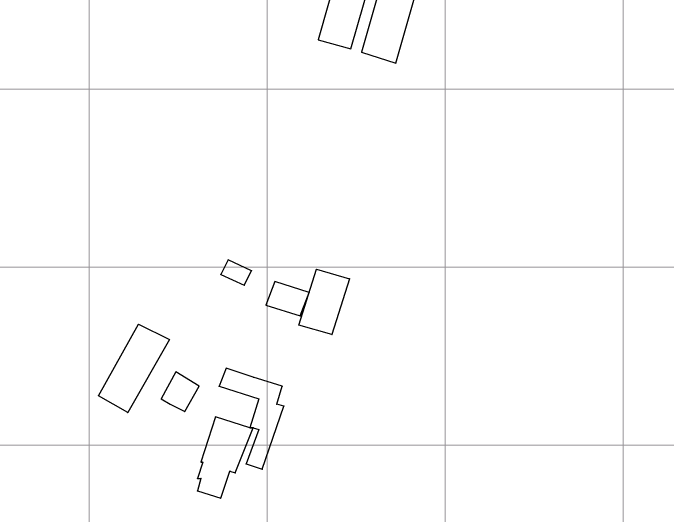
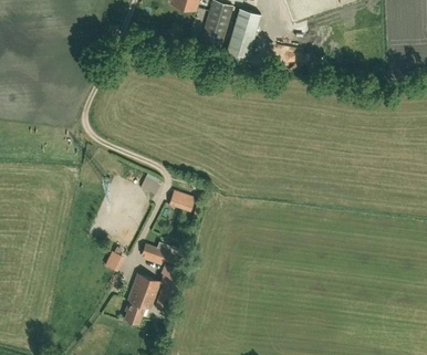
building: [299,269,350,335] -> none
building: [98,324,169,413] -> none

